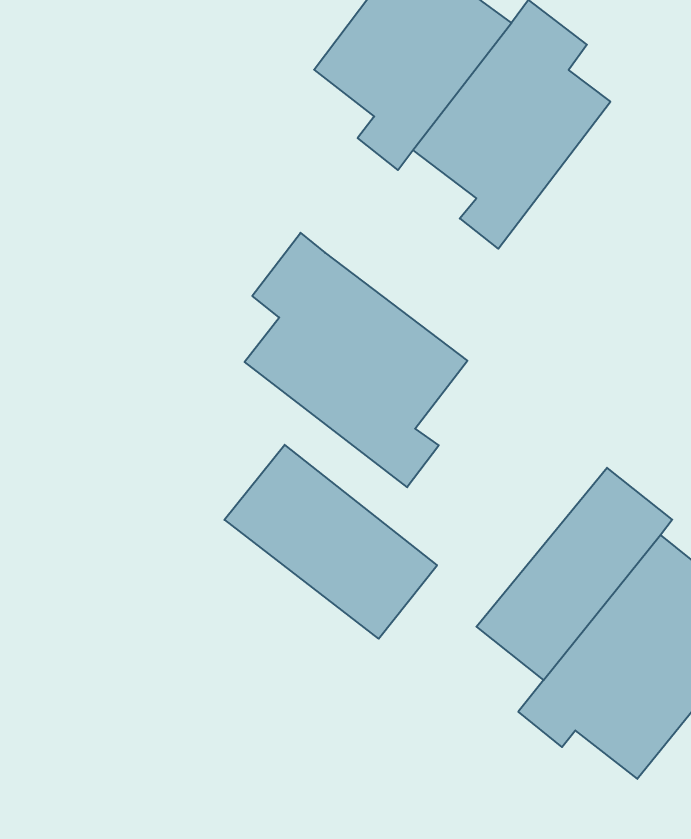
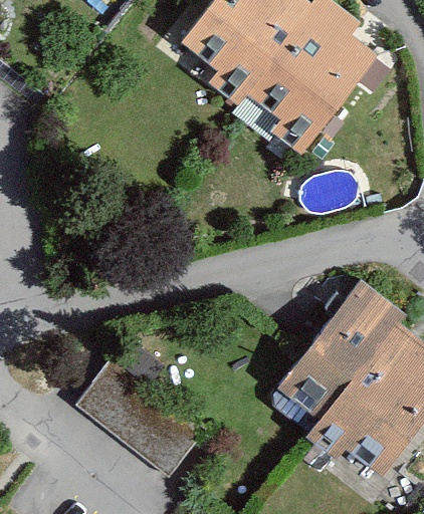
building: [245,233,467,487] -> none
building: [224,445,437,639] -> [77,360,205,477]

